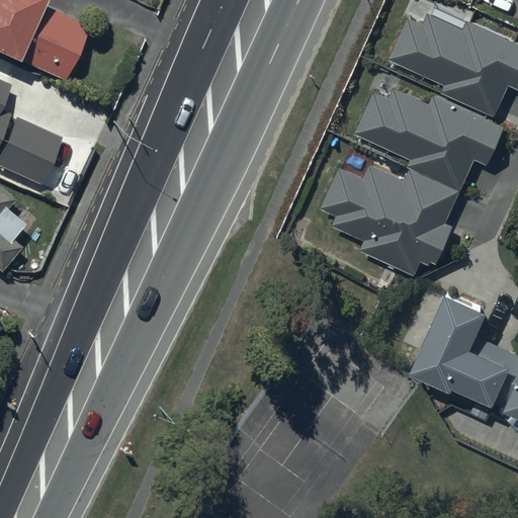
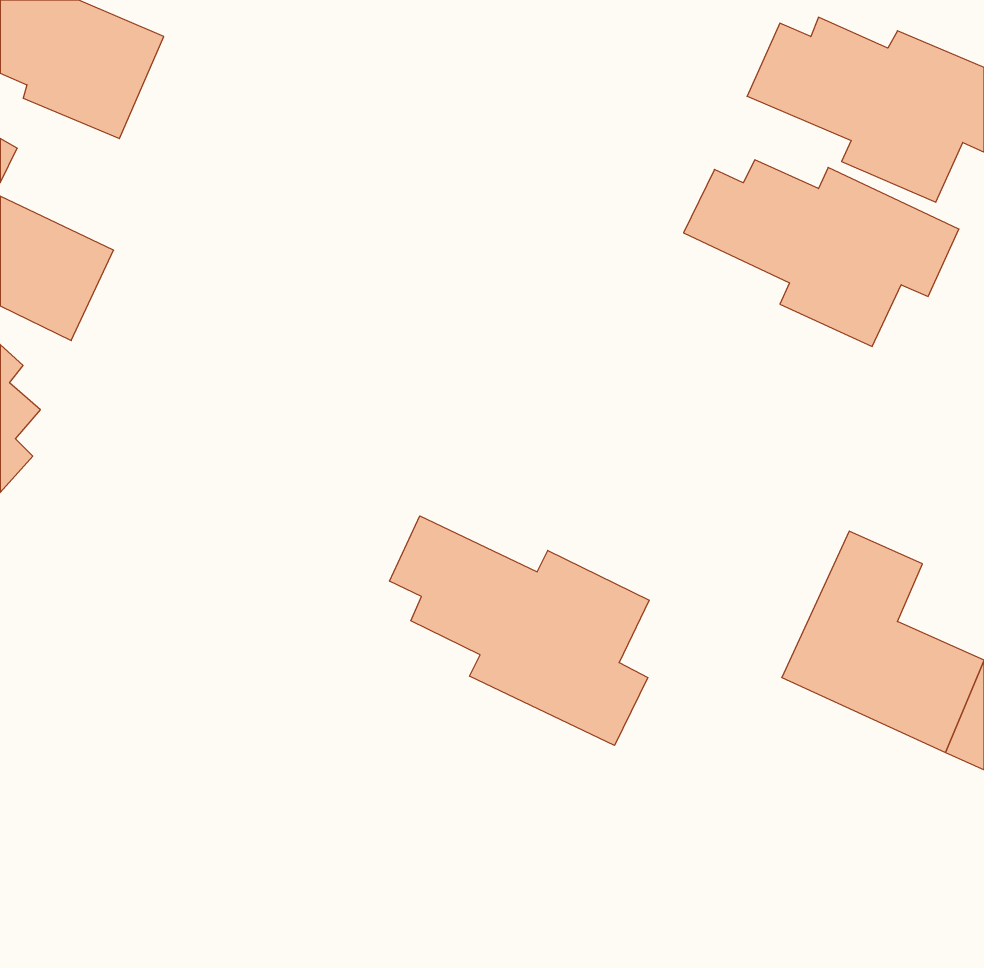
building: [326,171,457,276] -> none
building: none -> [390,516,649,745]

